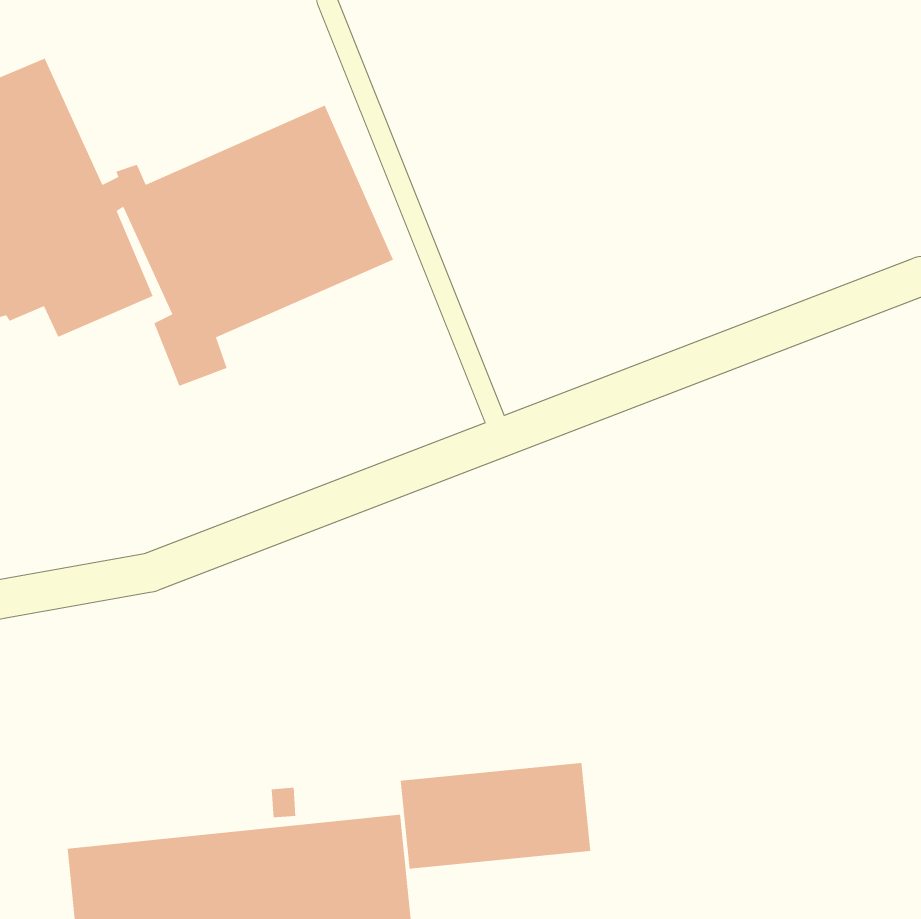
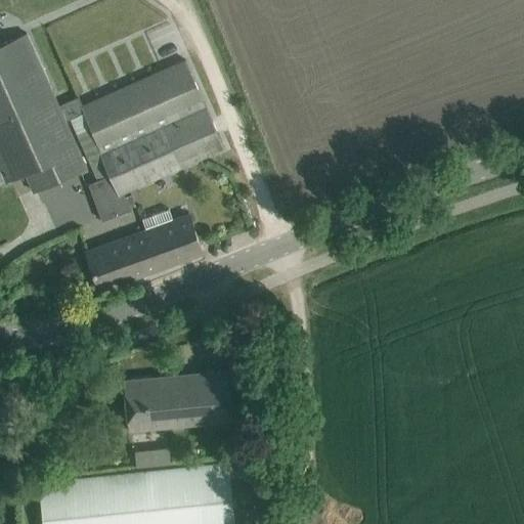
building: none -> [86,211,202,291]
building: [400,763,591,869] -> [123,372,231,432]

